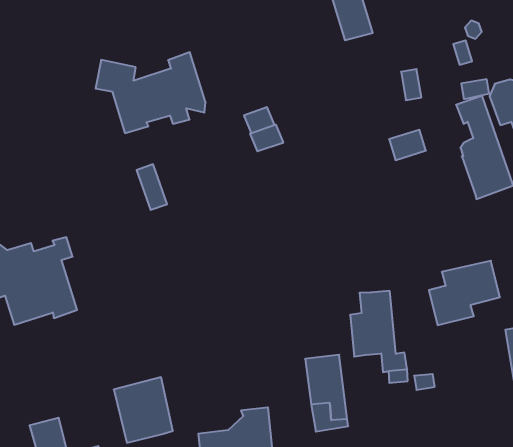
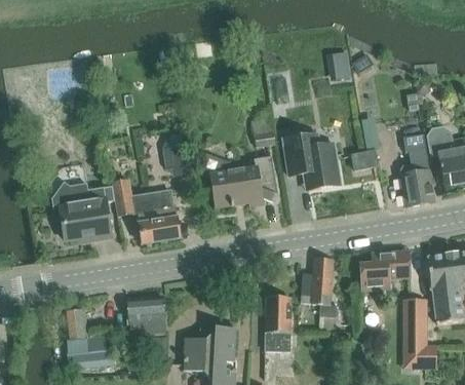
building: [96,52,206,133] -> [199,152,275,206]
building: none -> [283,136,339,189]
building: none -> [112,181,179,243]

